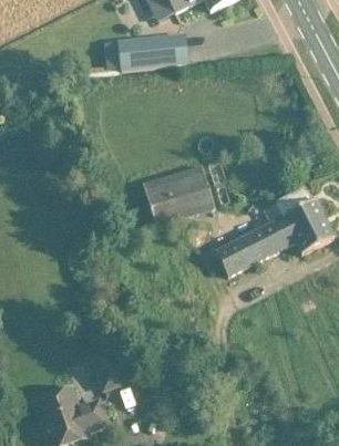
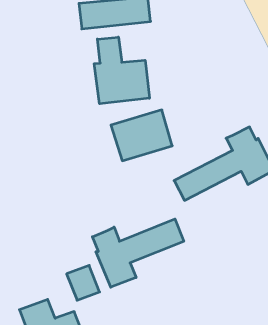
building: none -> [94,37,149,104]
building: none -> [92,219,184,287]

